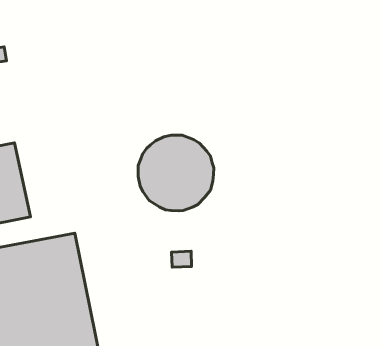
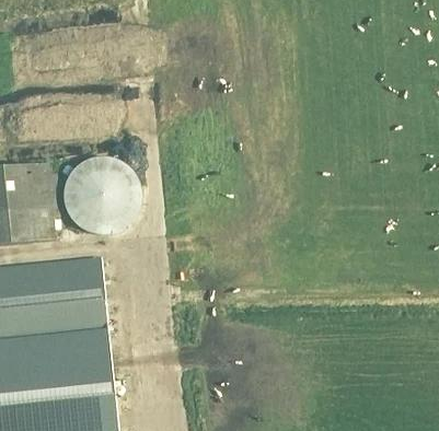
building: [138,135,214,211] -> [63,158,140,234]

